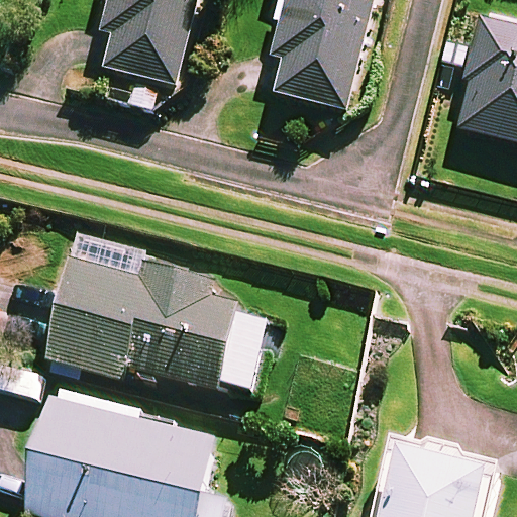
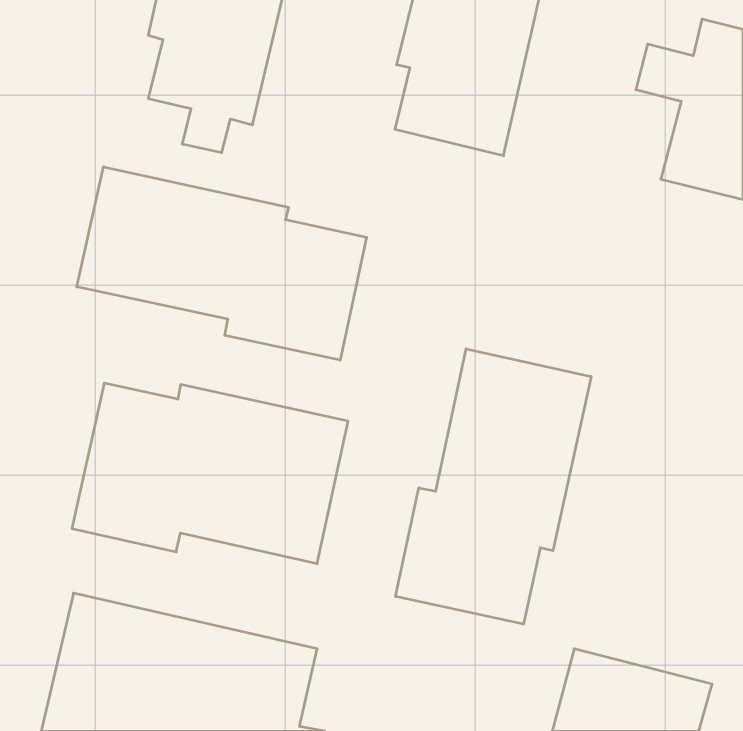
building: none -> [77,167,367,360]
building: none -> [396,349,591,624]

